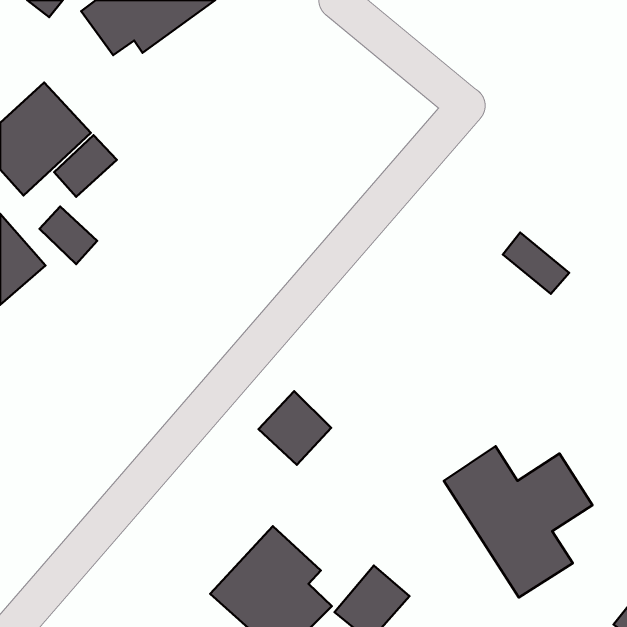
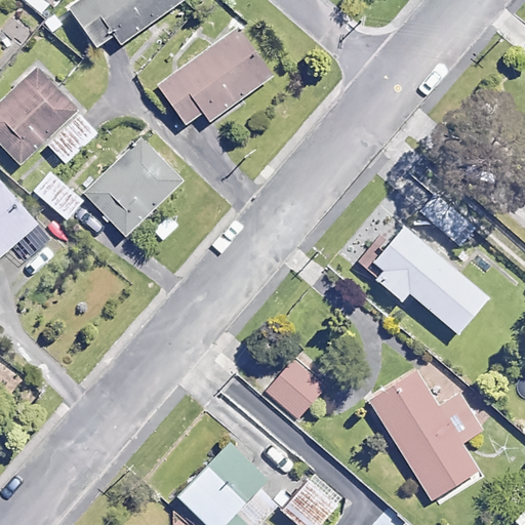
building: none -> [153,25,270,125]
building: none -> [85,139,181,235]
building: none -> [371,226,487,334]
building: [259,391,331,465] -> [264,359,324,420]

